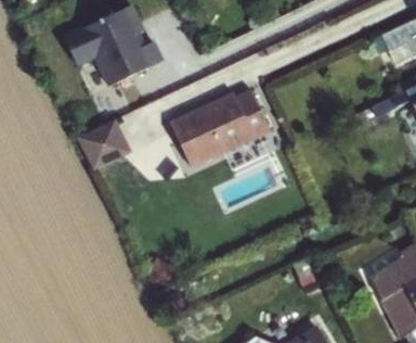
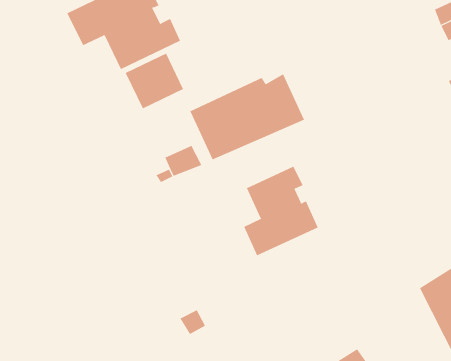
building: [78,120,129,169] -> [125,53,184,109]
building: none -> [243,166,318,256]

